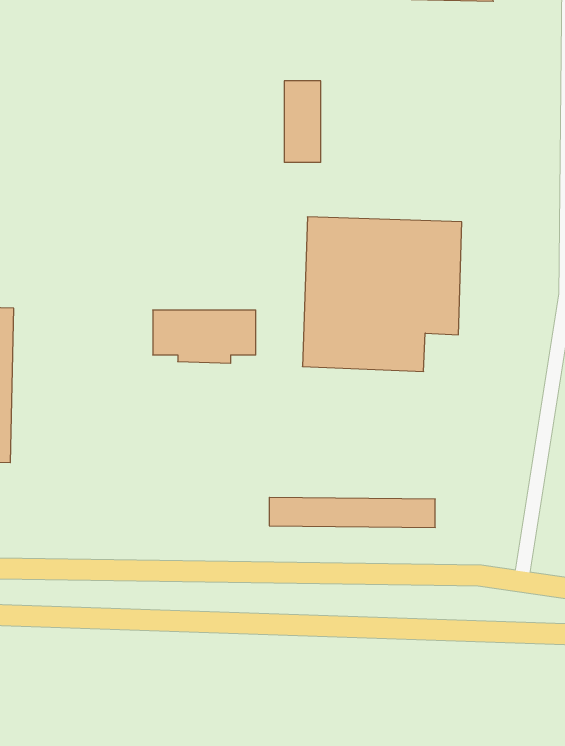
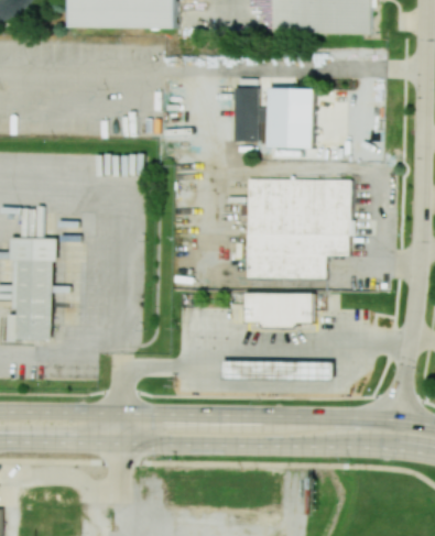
building: none -> [267,87,313,149]
building: [153,310,256,363] -> [244,293,313,328]

